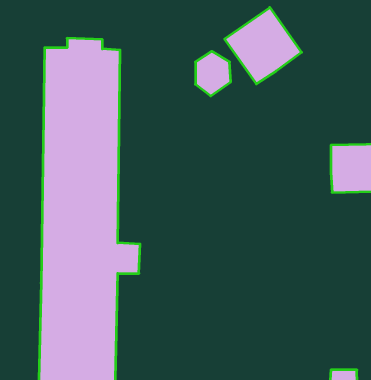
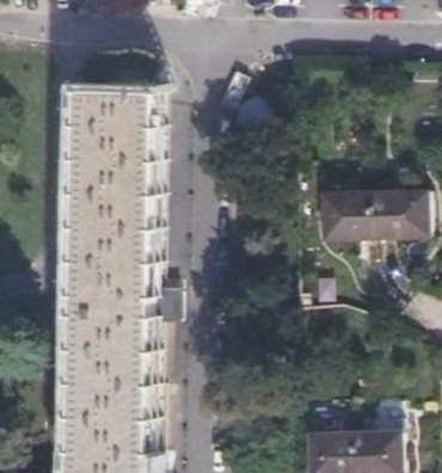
building: [225,7,302,84] -> none
building: none -> [320,191,370,239]

